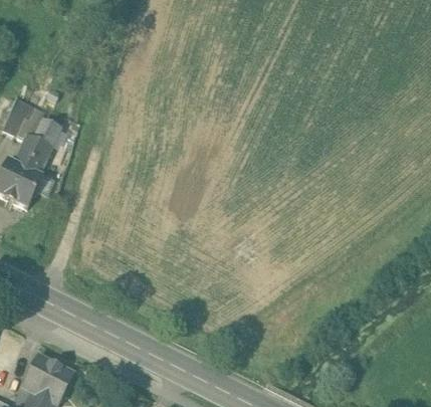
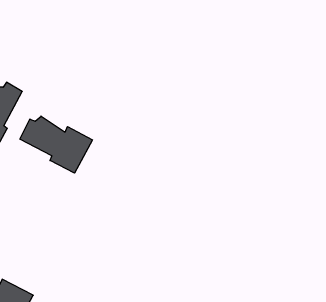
building: none -> [20,116,92,173]

